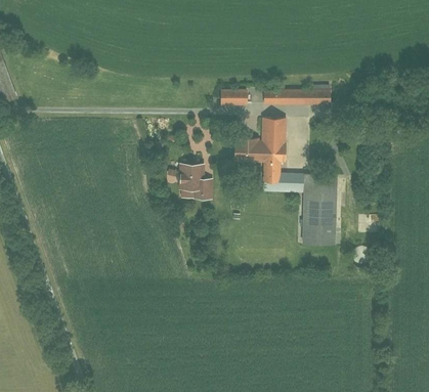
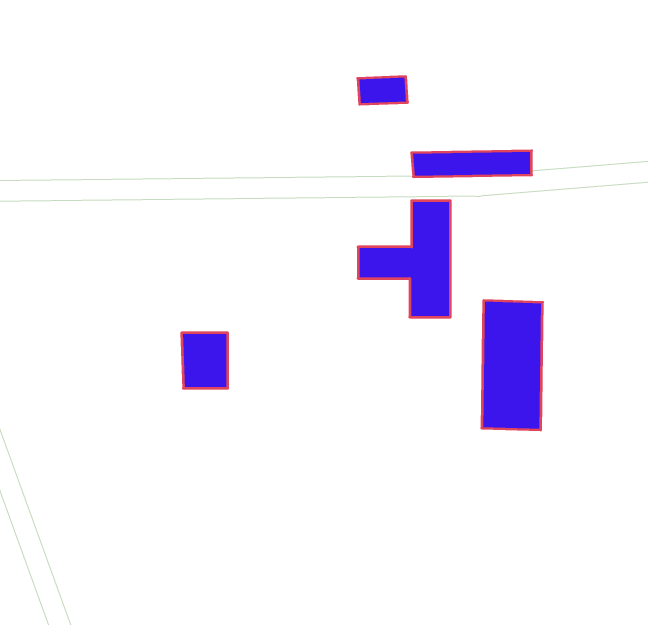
building: [220,89,248,104] -> [358,77,408,104]
building: [176,162,202,192] -> [182,333,228,388]

